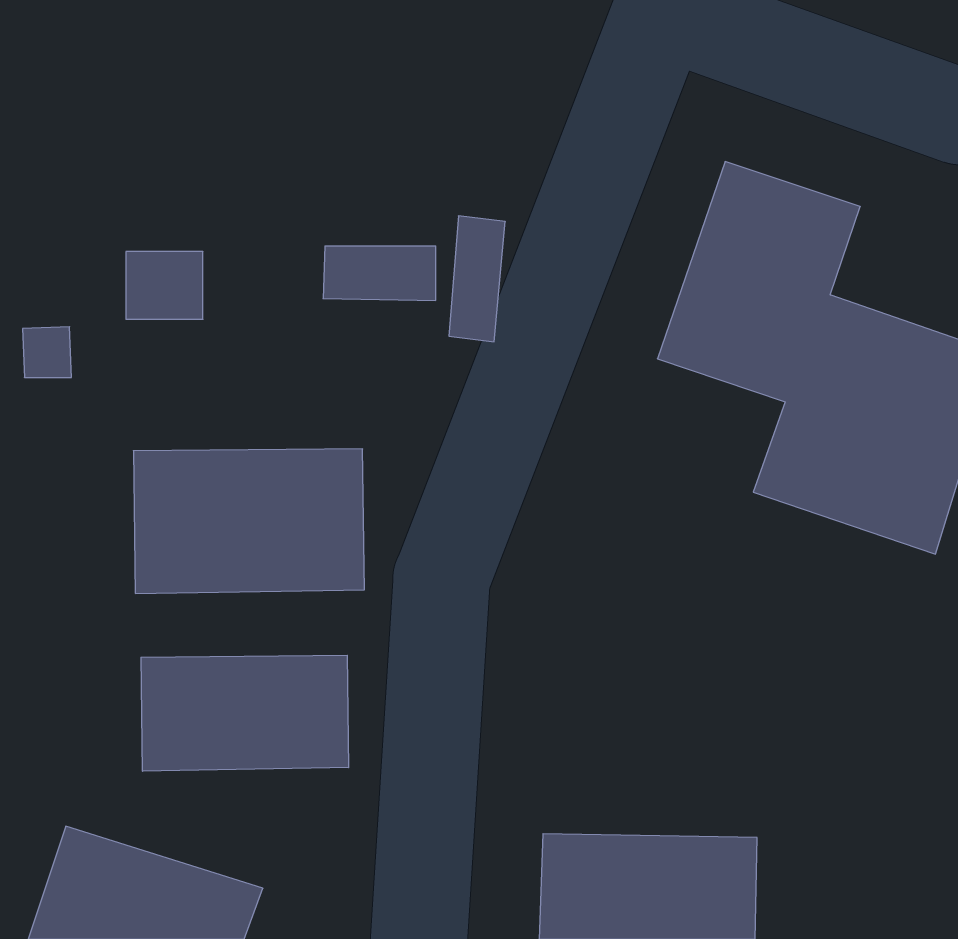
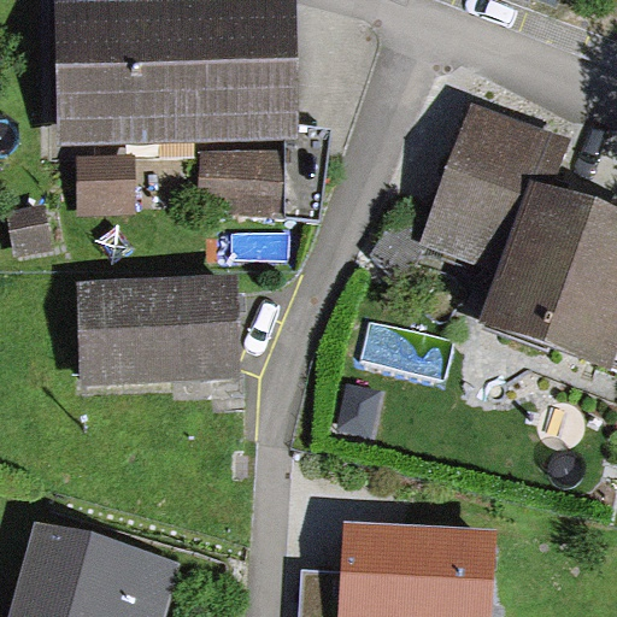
building: none -> [58,16,293,141]
building: [141,655,349,771] -> none

